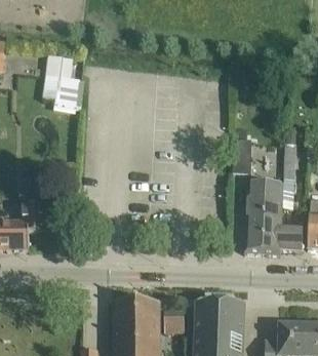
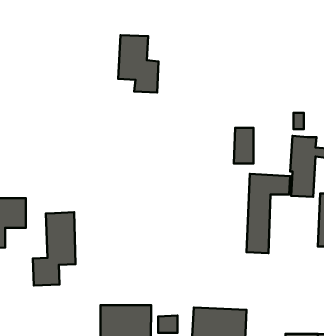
building: [47,52,83,104] -> [118,35,158,93]
building: [264,199,304,251] -> none
building: none -> [33,212,75,286]

